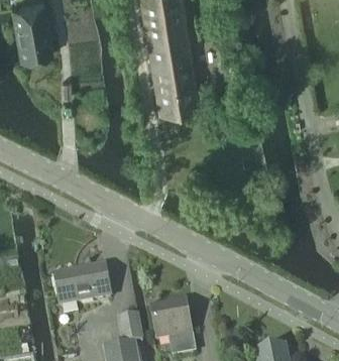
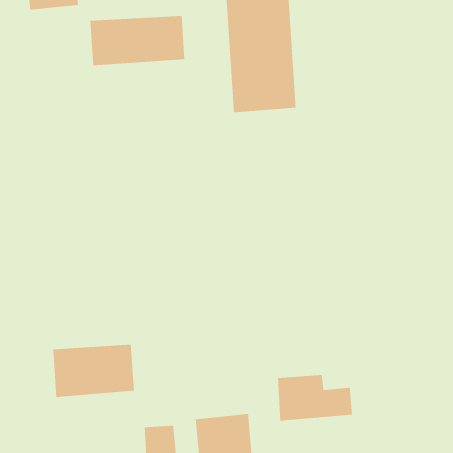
building: none -> [90,15,185,66]
building: none -> [277,374,353,421]

